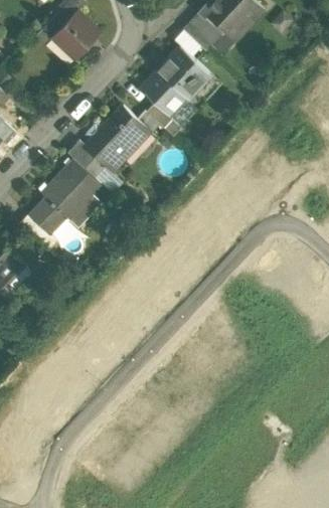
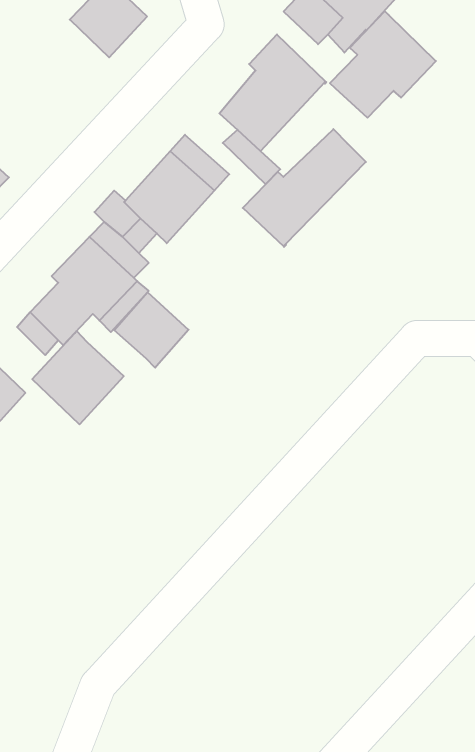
building: none -> [330,11,436,118]
building: none -> [243,129,366,247]
building: none -> [114,292,189,368]
building: none -> [32,331,124,424]

